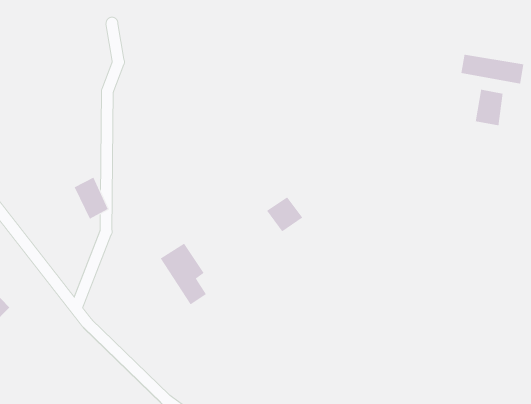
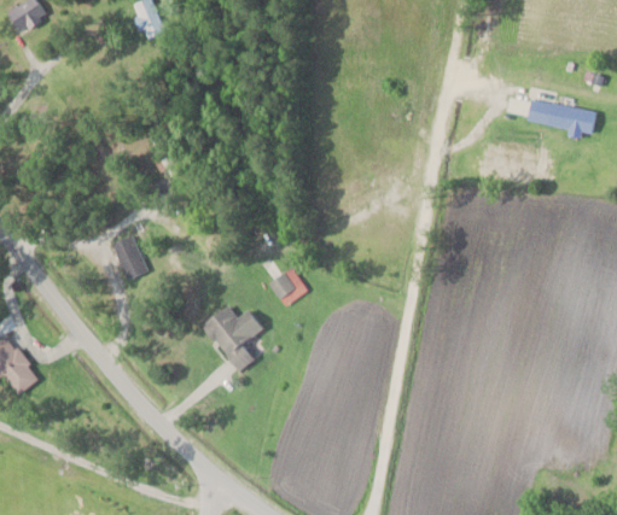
building: [475,89,503,126] -> none
building: [266,196,303,232] -> [268,268,308,306]

